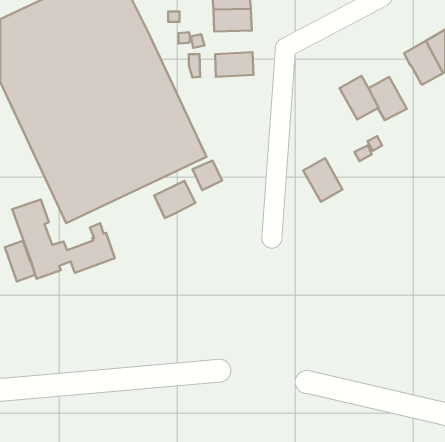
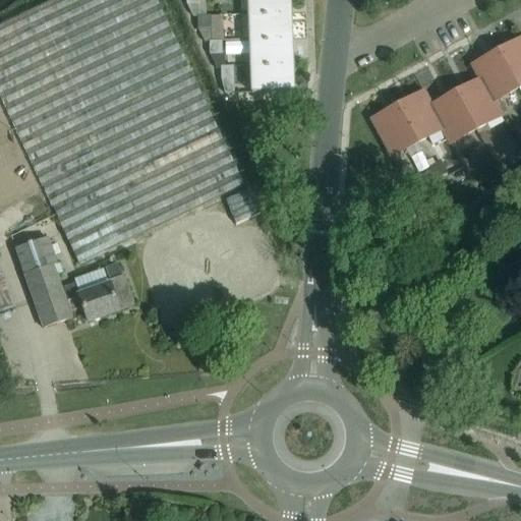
building: none -> [250,36,295,63]
building: none -> [455,76,501,127]
building: [303,158,343,202] -> [371,103,417,154]
building: [154,181,196,218] -> none
building: [5,241,35,282] -> none

